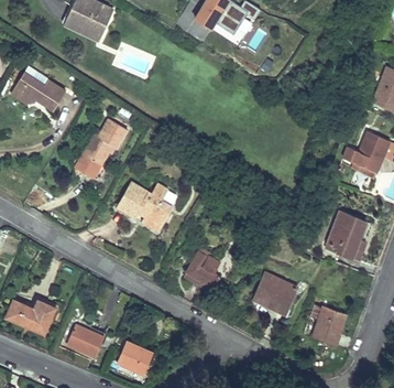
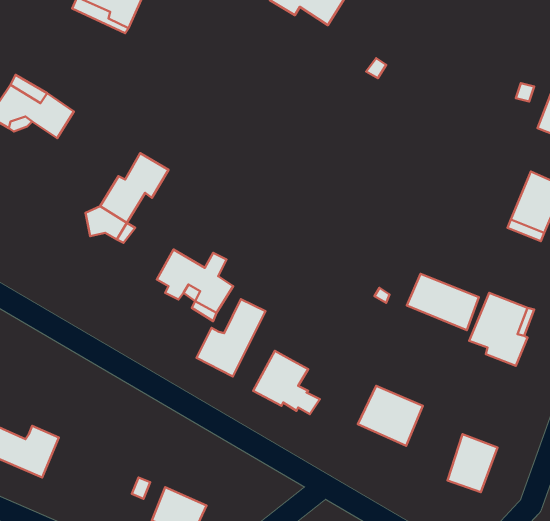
building: none -> [407,274,479,330]
building: none -> [197,299,265,376]
building: [66,324,105,357] -> none

